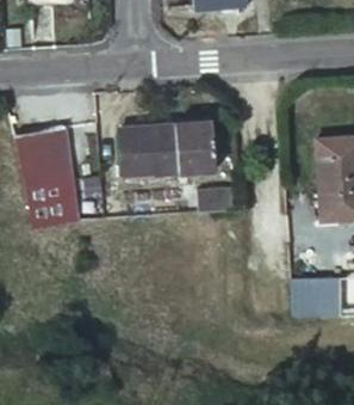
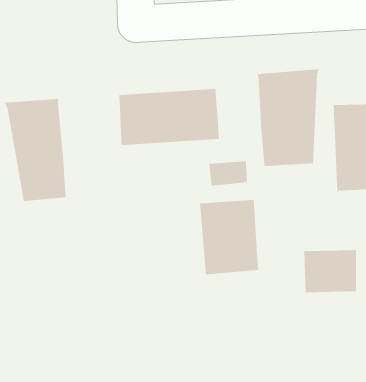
building: none -> [257,69,319,167]
building: none -> [199,199,258,275]

